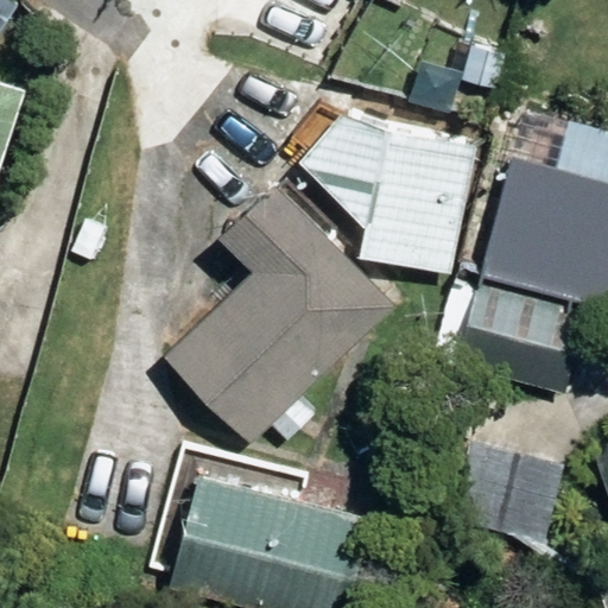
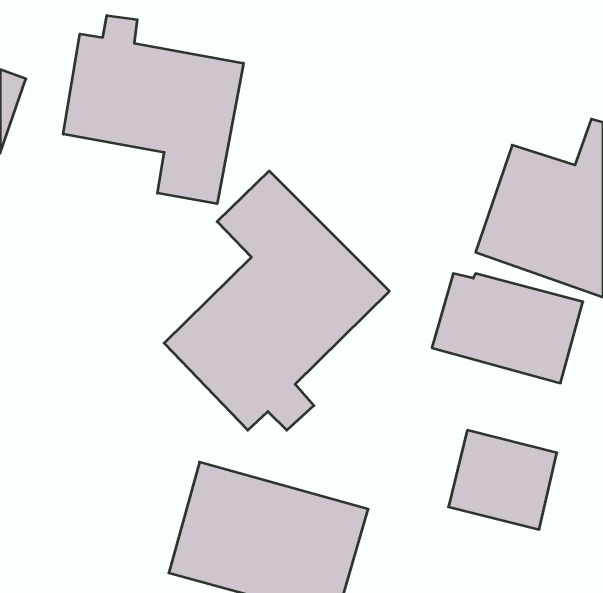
building: none -> [63,15,243,204]
building: [299,114,475,272] -> none

